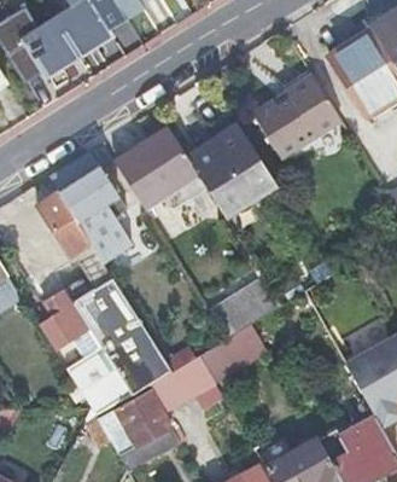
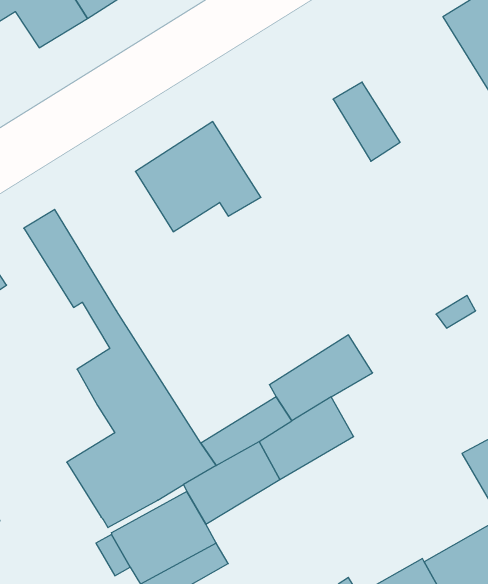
building: [274,74,341,144] -> none
building: [186,124,276,217] -> none
building: [48,151,129,262] -> none
building: [42,289,88,347] -> none

